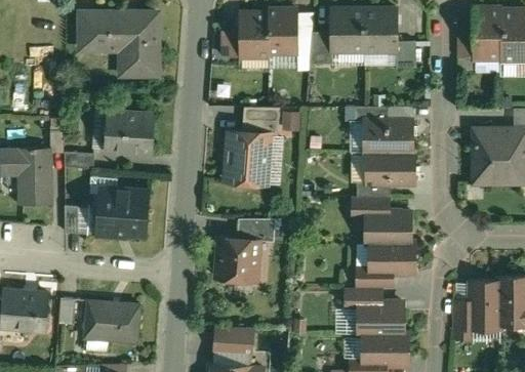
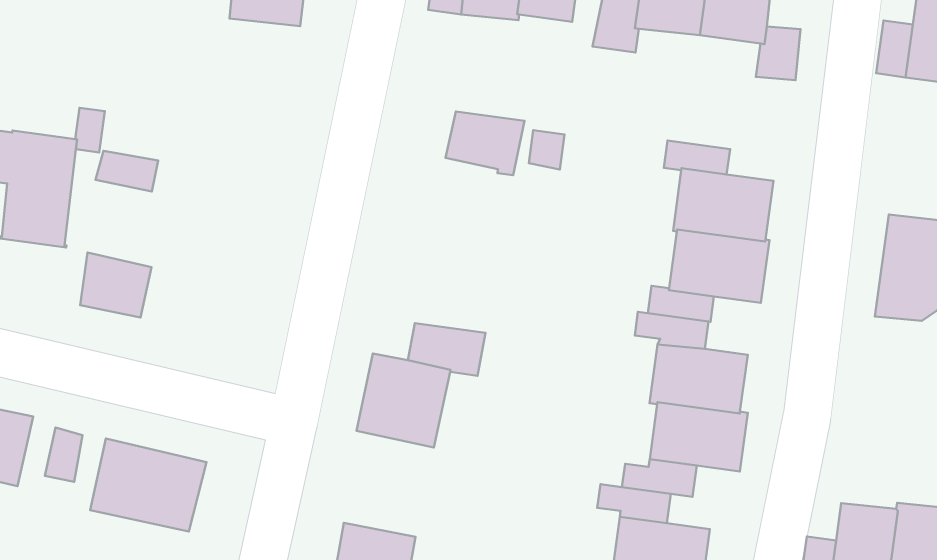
building: [105,111,155,155] -> none
building: [225,131,270,183] -> none
building: [96,189,149,238] -> none

